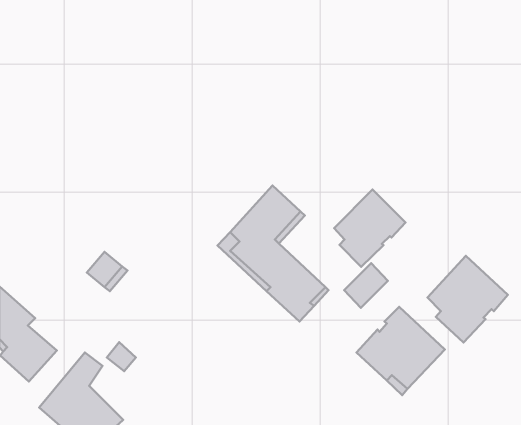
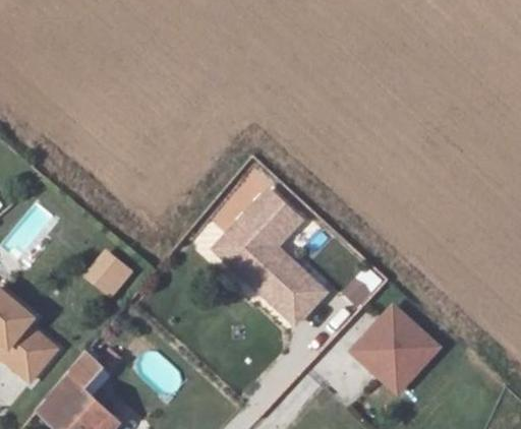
building: [334,189,406,267] -> none
building: [427,256,508,343] -> none

